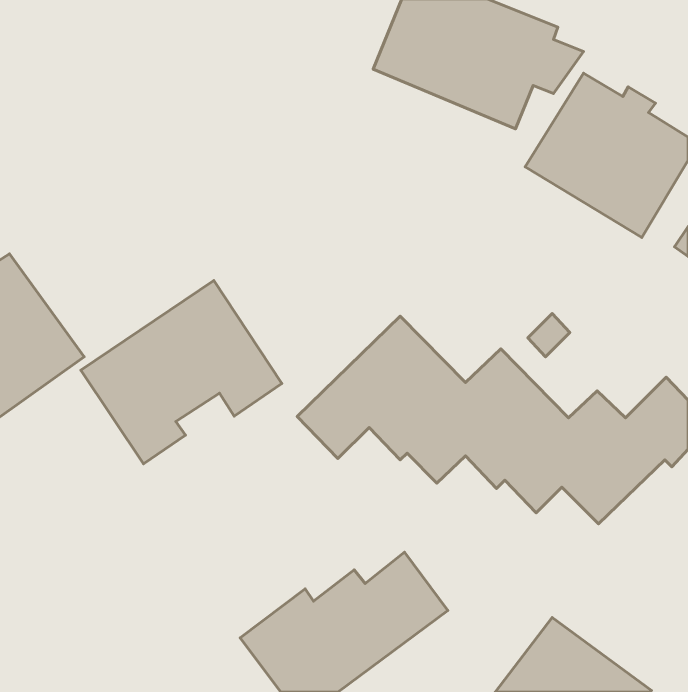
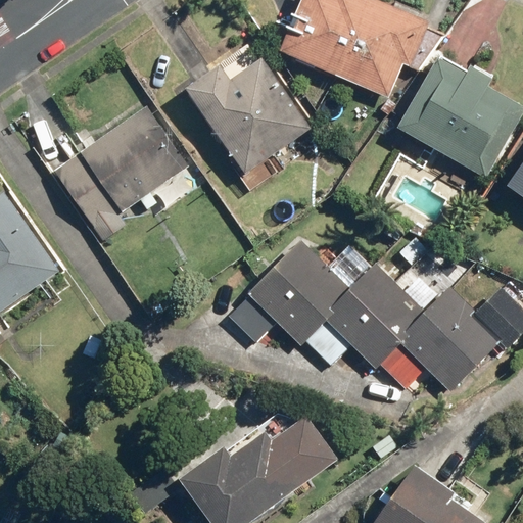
building: none -> [184,42,315,193]
building: [81,281,282,464] -> [52,105,203,243]

